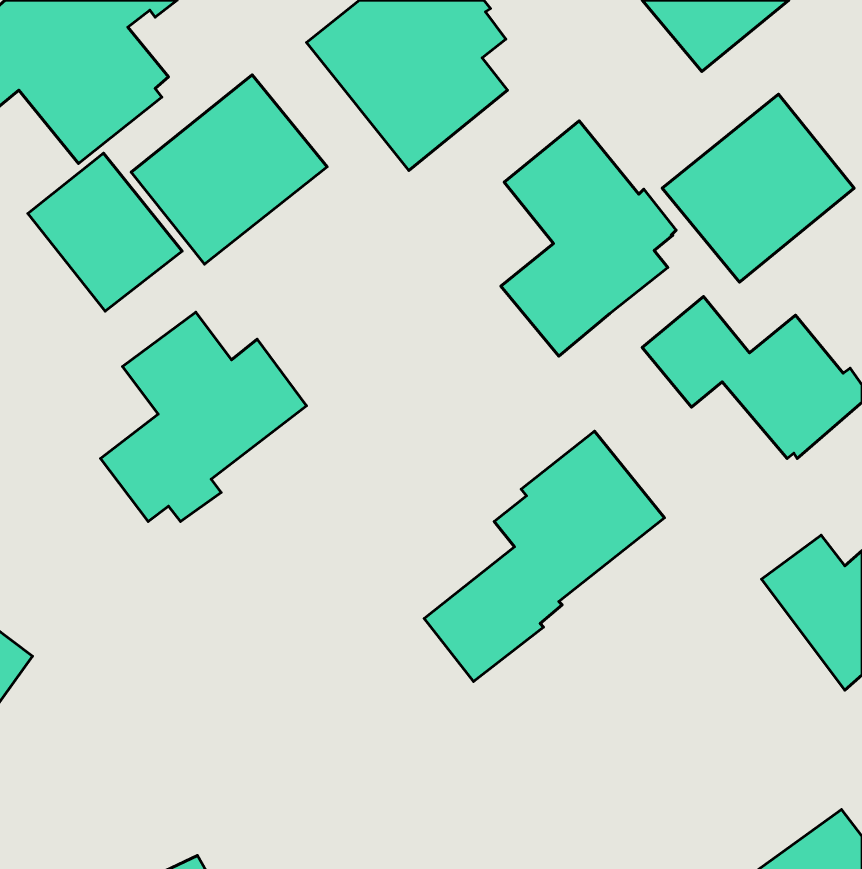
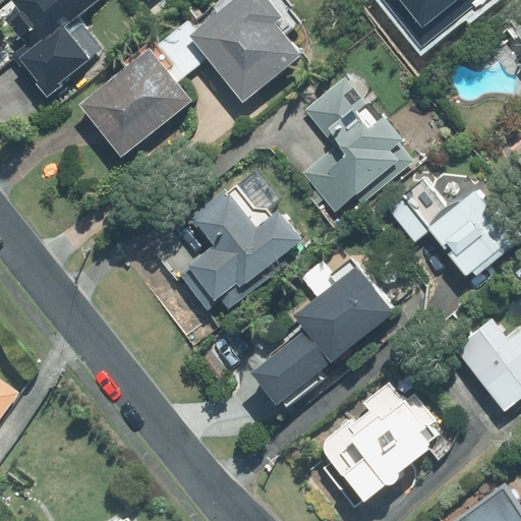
building: [662,94,854,282] -> none
building: [28,153,182,311] -> none
building: [100,312,306,522] -> [179,184,302,309]
building: none -> [317,381,436,511]

